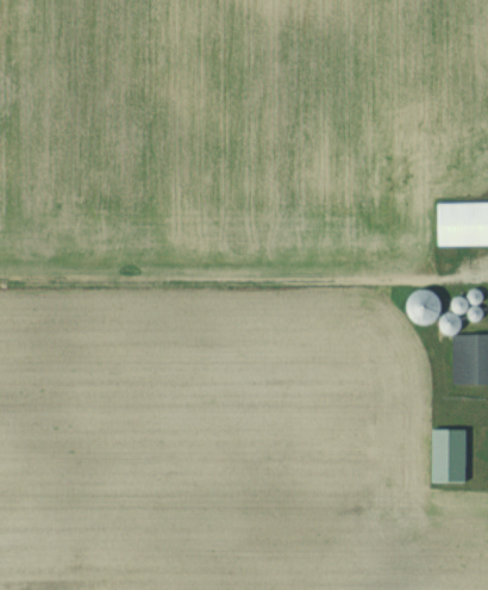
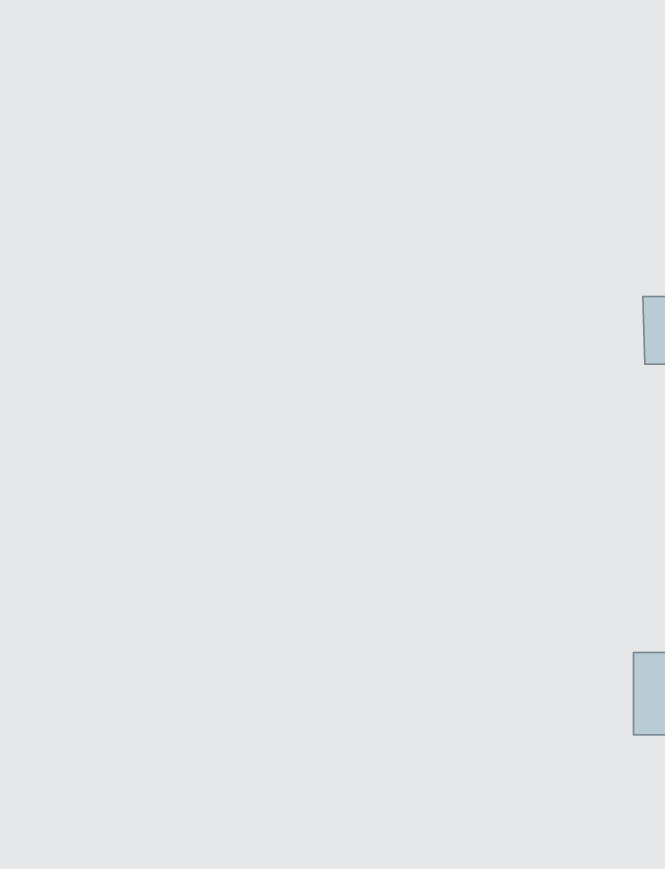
building: [411,291,443,323] -> none

